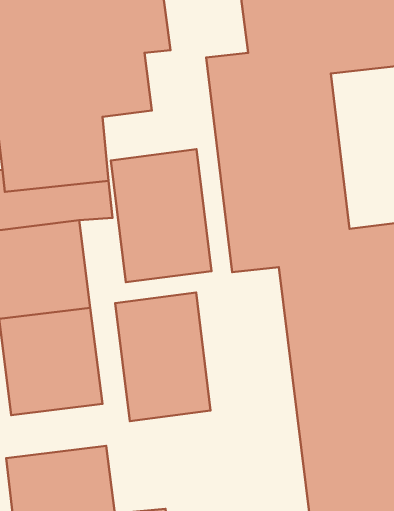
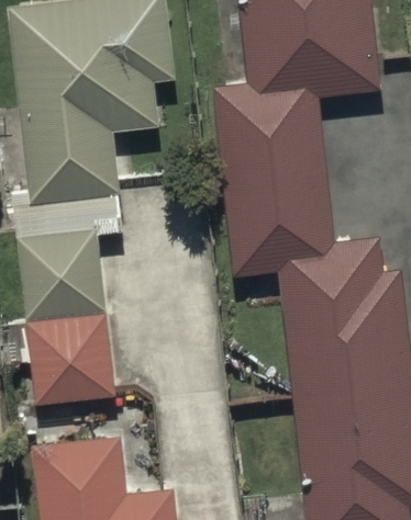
building: [111,149,211,282] -> none
building: [115,293,211,421] -> none

